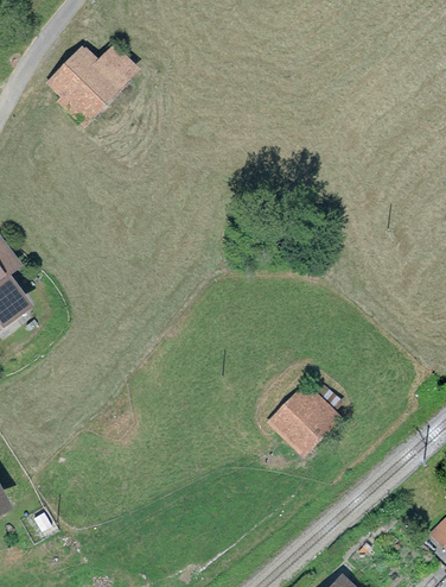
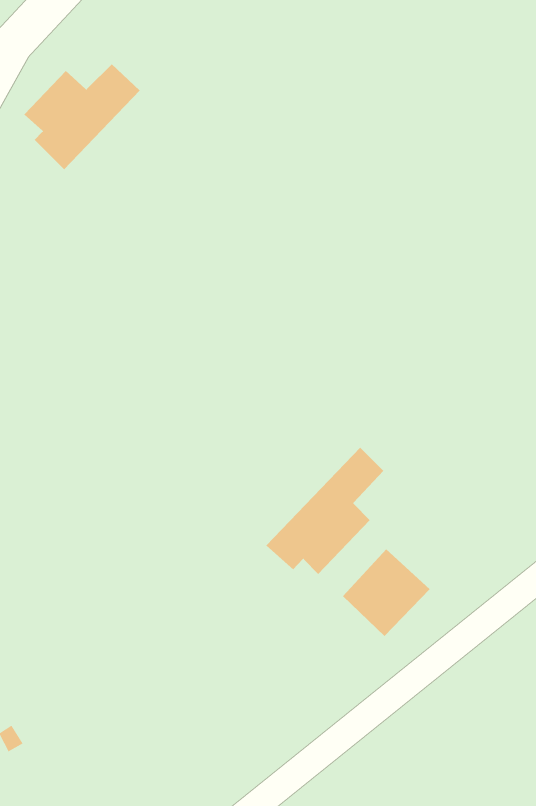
building: none -> [266,447,384,575]

